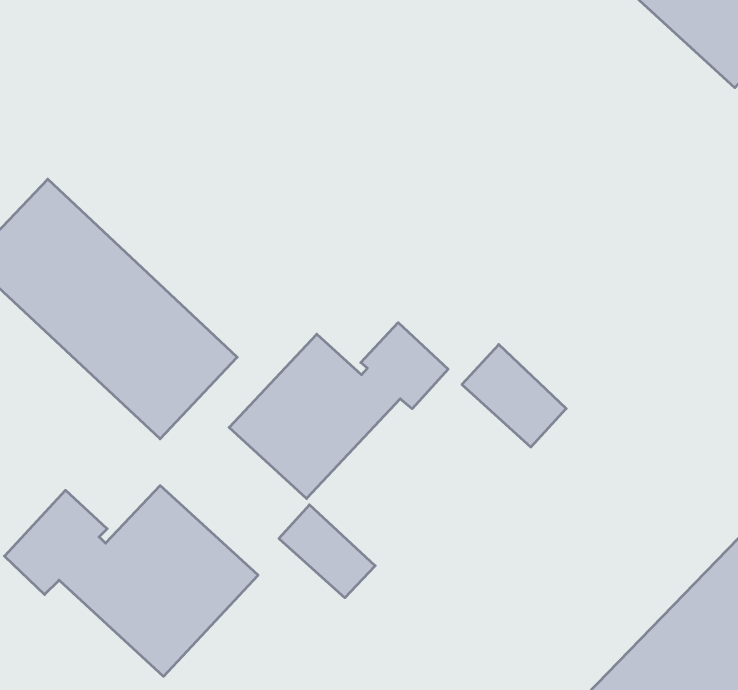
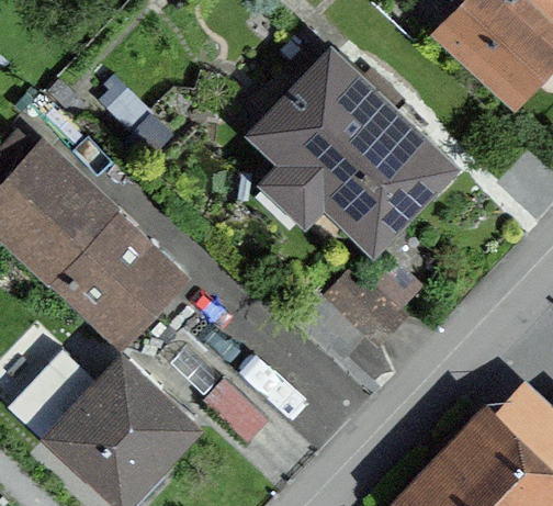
building: none -> [264,57,444,236]
building: [229,323,448,499] -> none

